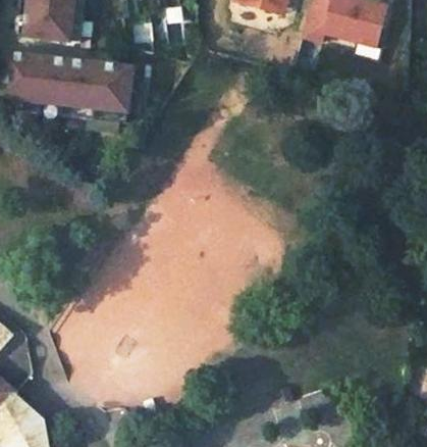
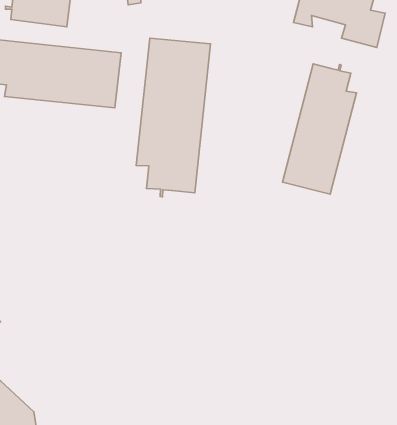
building: none -> [136,38,210,197]
building: none -> [283,64,356,194]

